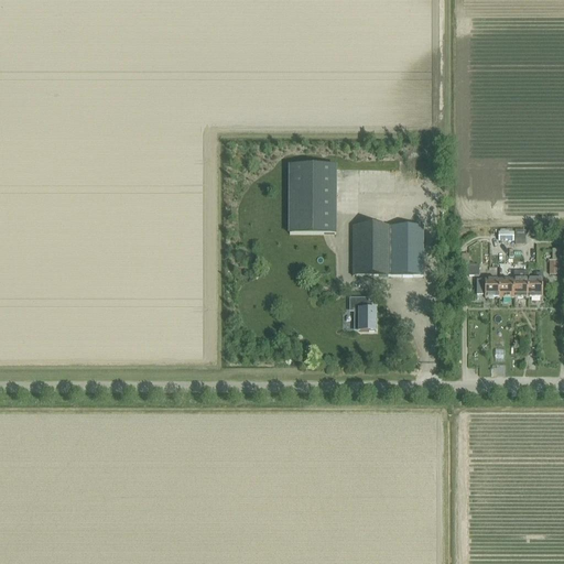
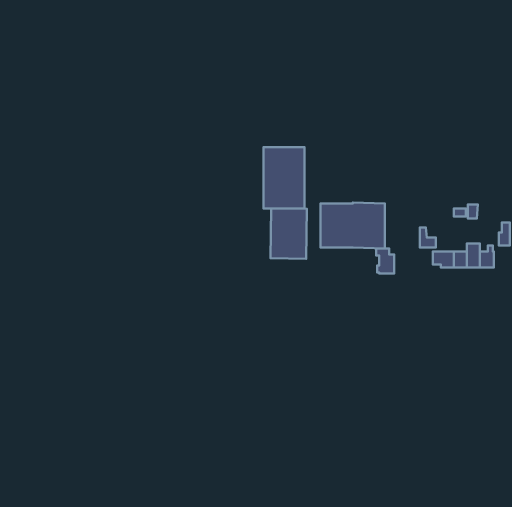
building: none -> [270,208,307,259]
building: [356,300,376,327] -> [376,248,394,274]

